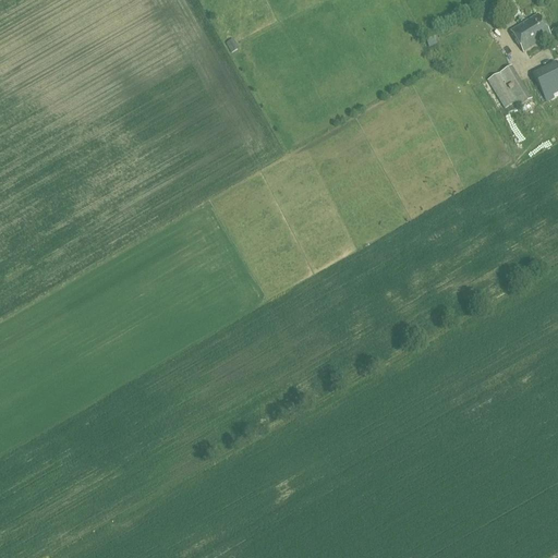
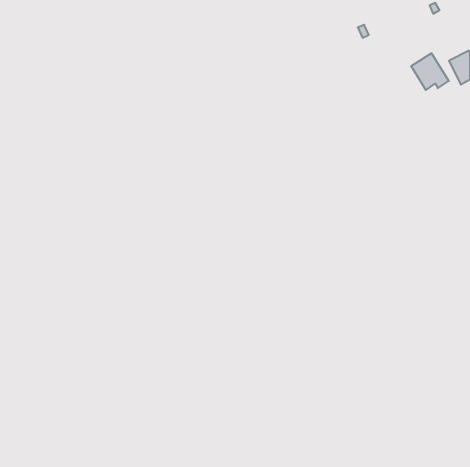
building: [510,12,550,49] -> none

